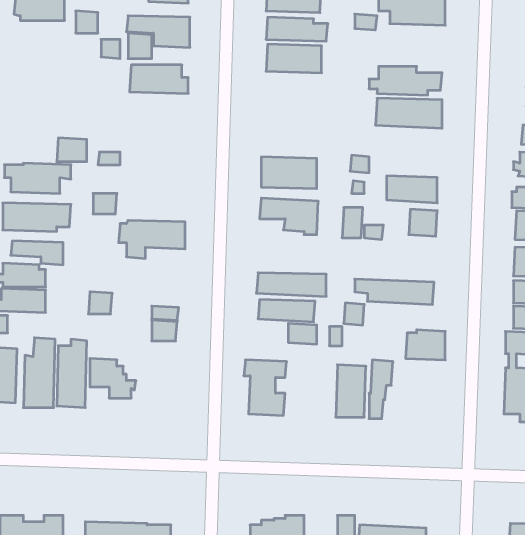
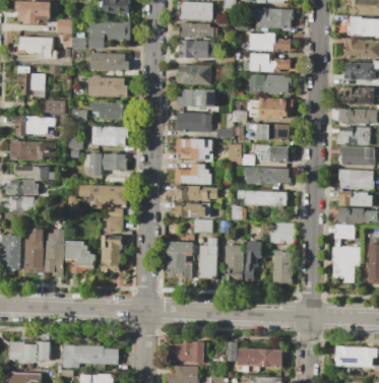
building: none -> [251,33,292,51]
building: none -> [17,36,56,58]
building: none -> [177,64,211,84]
building: none -> [16,73,44,97]
building: none -> [88,76,128,98]
building: none -> [177,89,215,107]
building: none -> [252,98,293,119]
building: none -> [90,103,127,120]
building: none -> [91,126,126,146]
building: none -> [174,164,211,185]
building: none -> [243,168,290,185]
building: none -> [77,185,128,209]
building: none -> [101,235,120,271]
building: none -> [198,238,216,279]
building: none -> [272,251,292,282]

